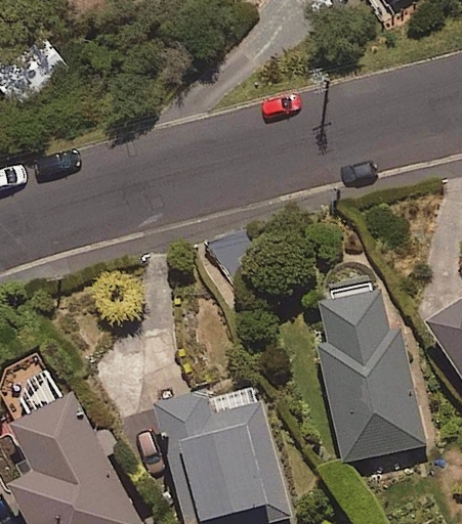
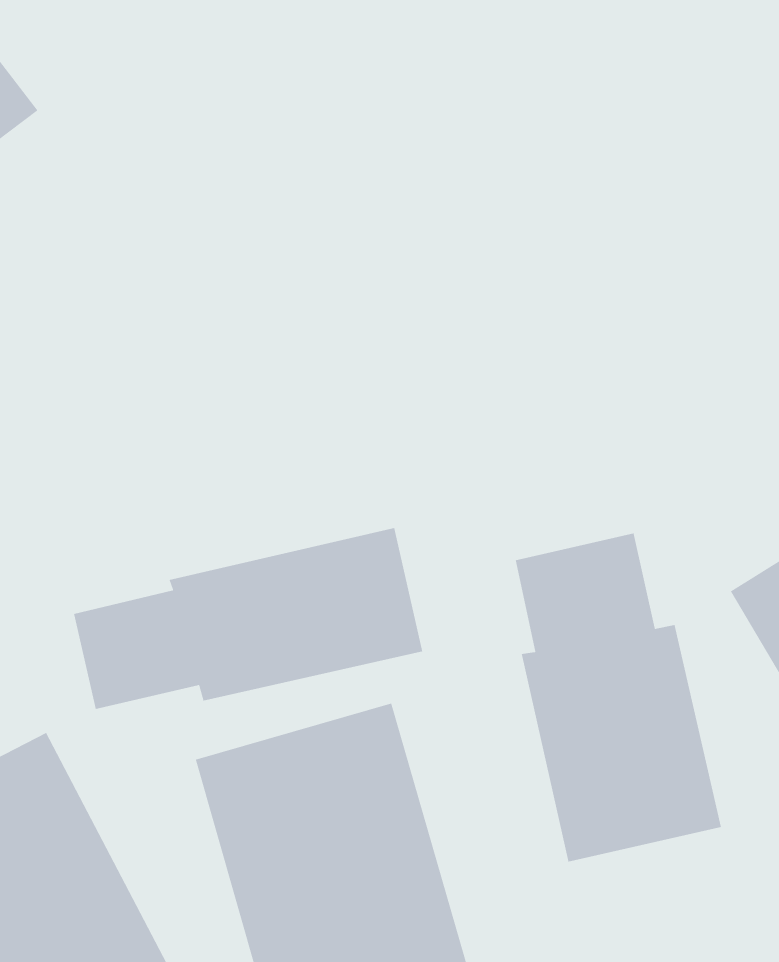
building: none -> [73,527,423,710]

